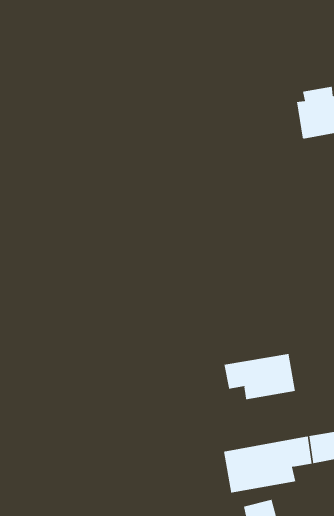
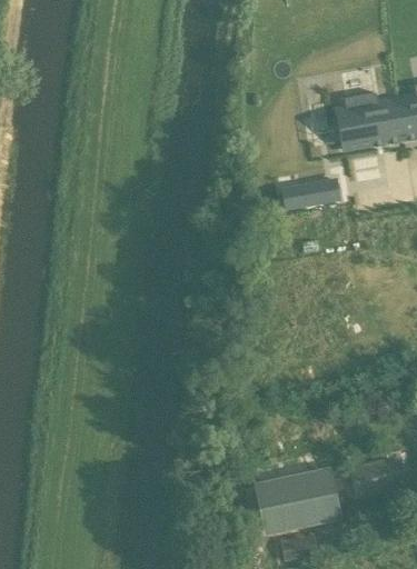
building: none -> [281,181,338,210]
building: [224,353,296,400] -> none

